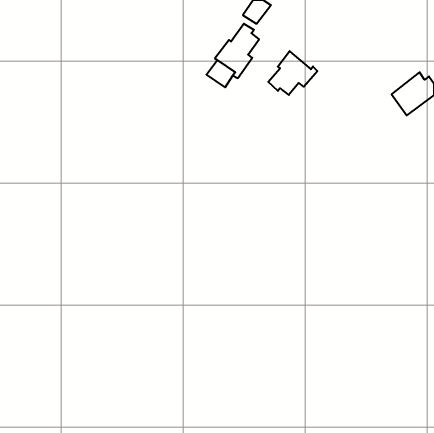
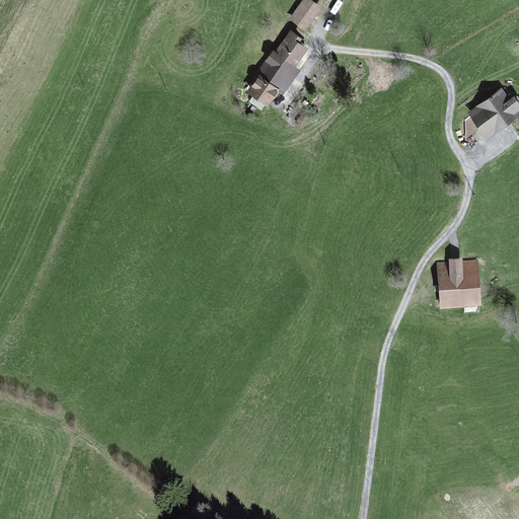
building: [268,51,317,95] -> none
building: none -> [437,257,481,309]

